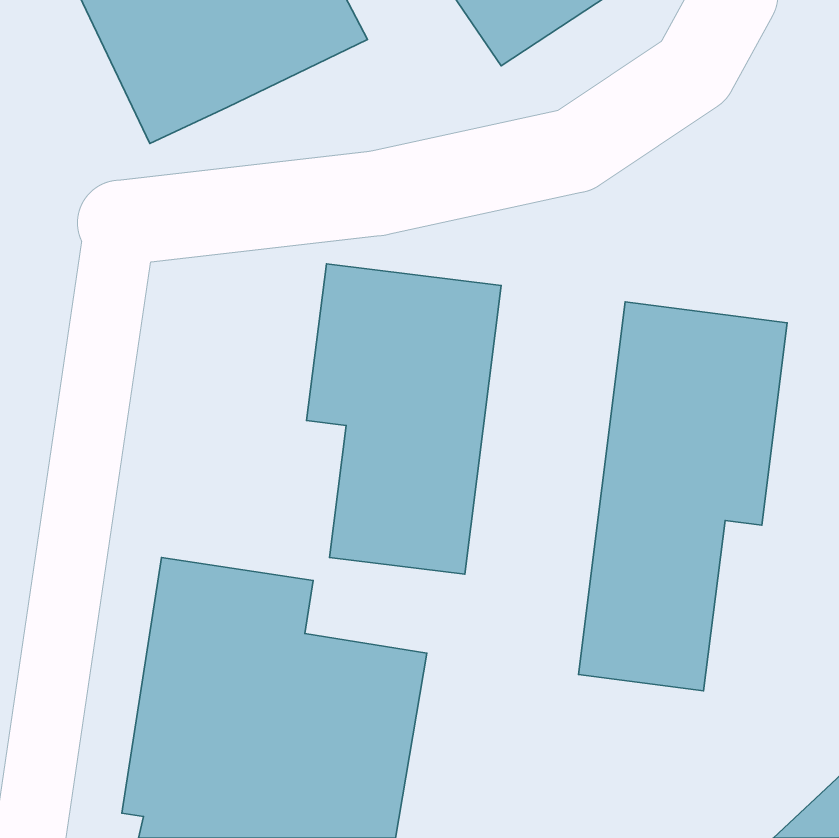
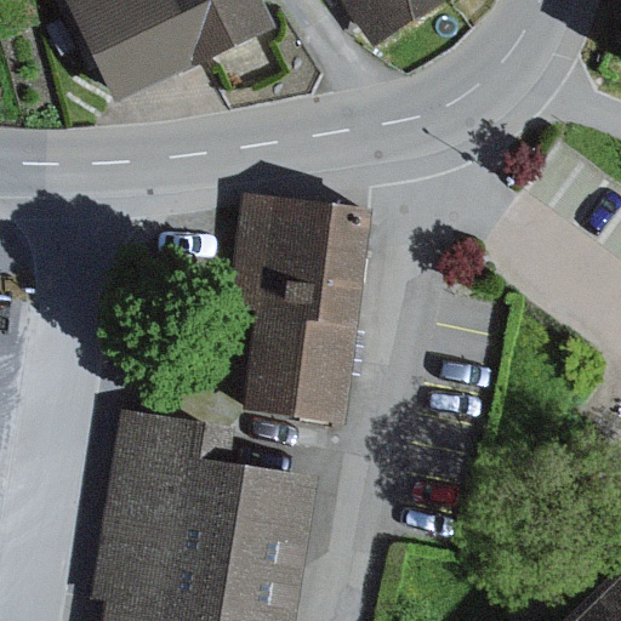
building: [579,302,787,691] -> none

